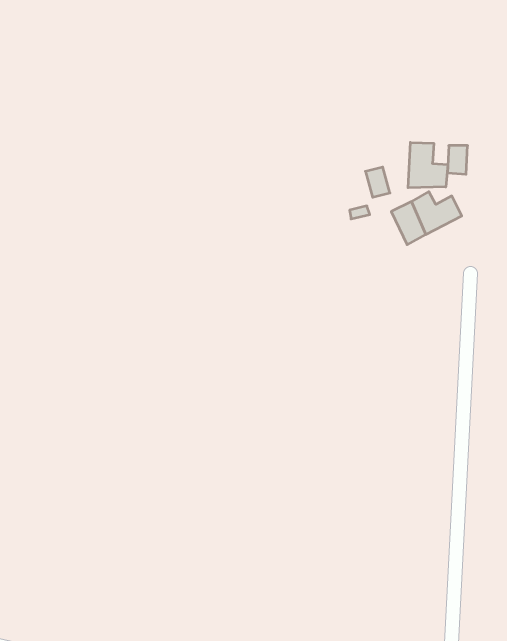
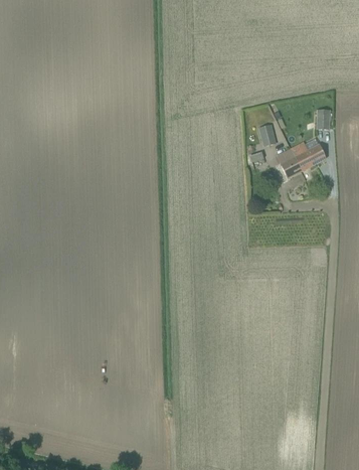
building: [408,142,448,188] -> none

